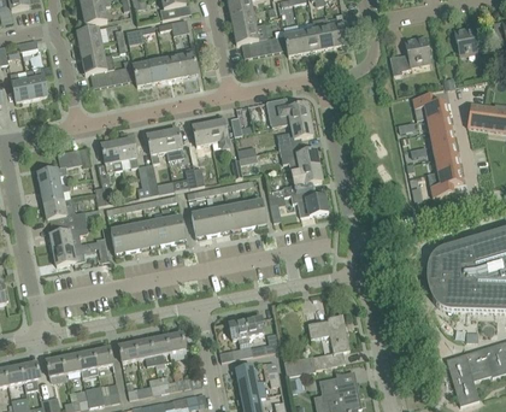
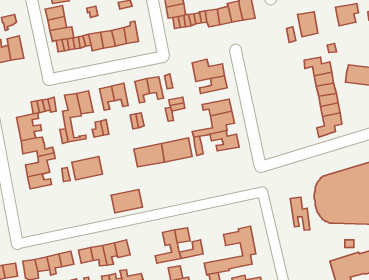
building: [145,216,186,246] -> [111,190,143,213]
building: none -> [290,197,310,230]

